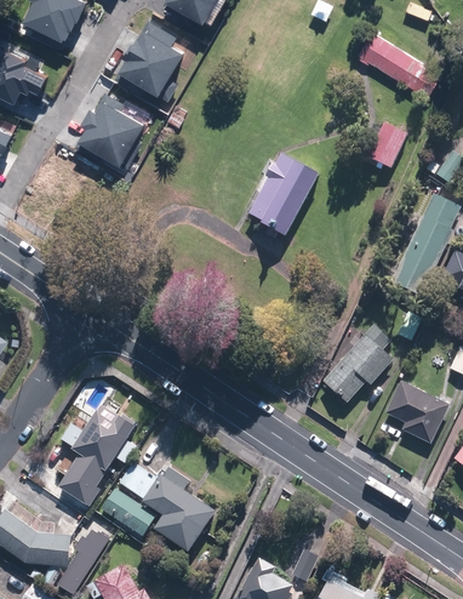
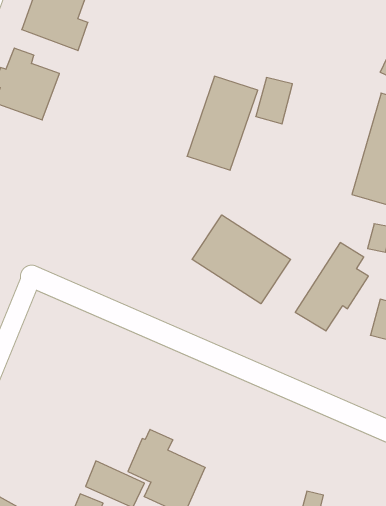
building: [368,124,407,169] -> [256,78,292,124]
building: none -> [192,215,291,304]
building: [58,403,135,506] -> none
building: [120,462,156,497] -> none

